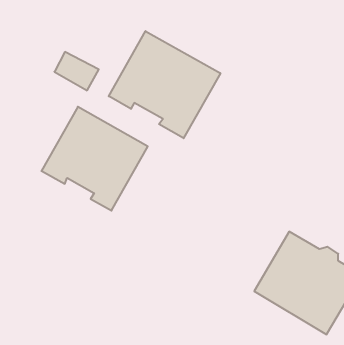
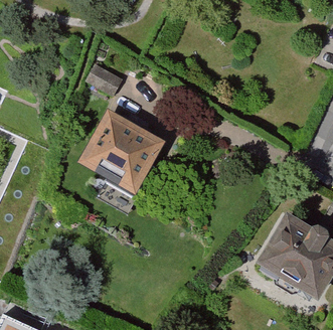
building: [109,31,220,138] -> none

